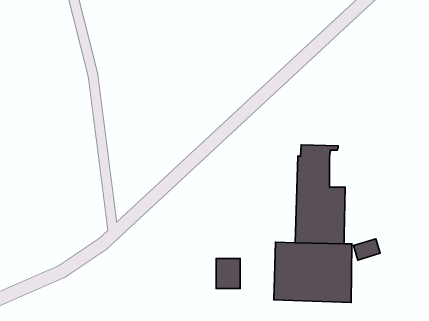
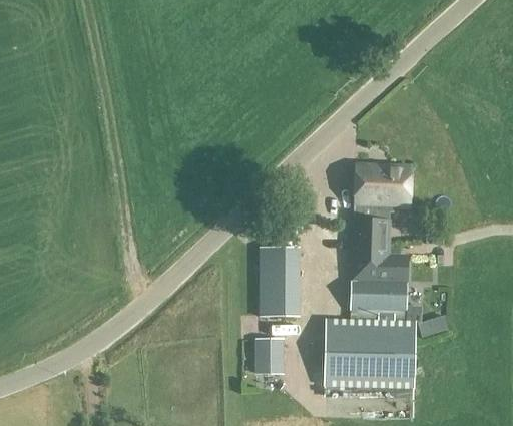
building: none -> [356,163,409,207]
building: none -> [260,247,298,317]

